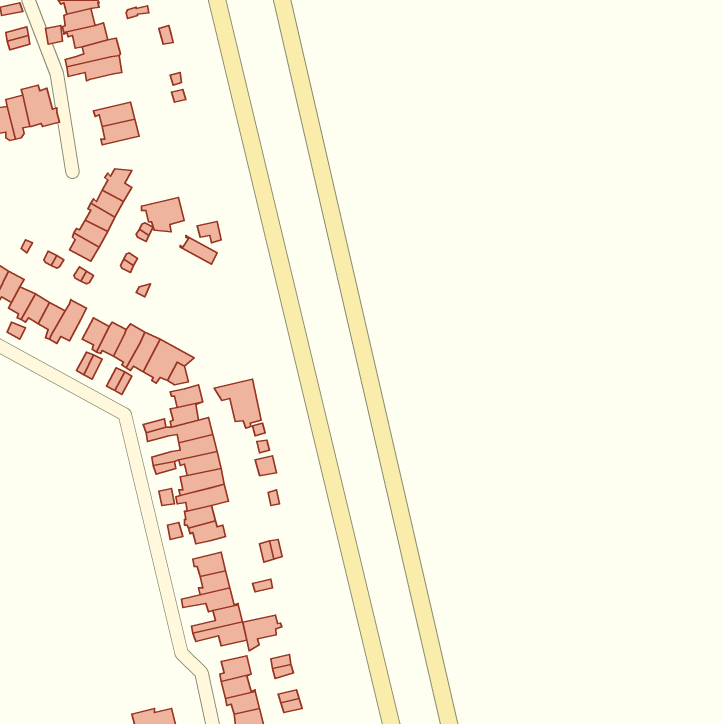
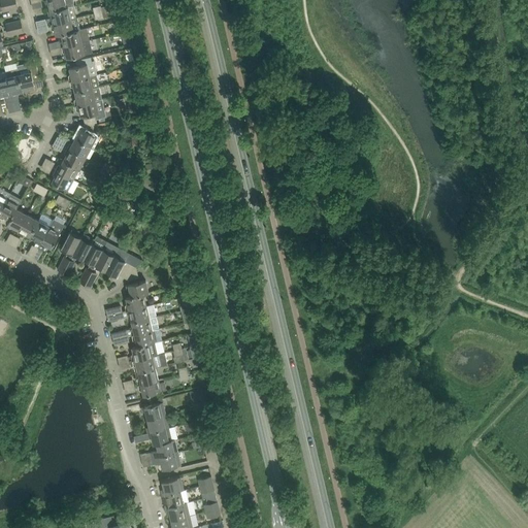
building: none -> [67,57,96,81]
building: [141,198,184,232] -> [74,100,105,125]
building: [214,379,261,428] -> none
building: [243,615,282,651] -> none

